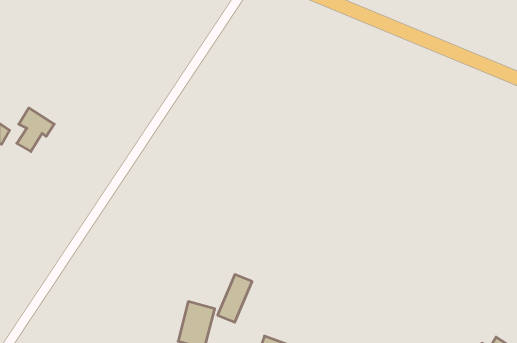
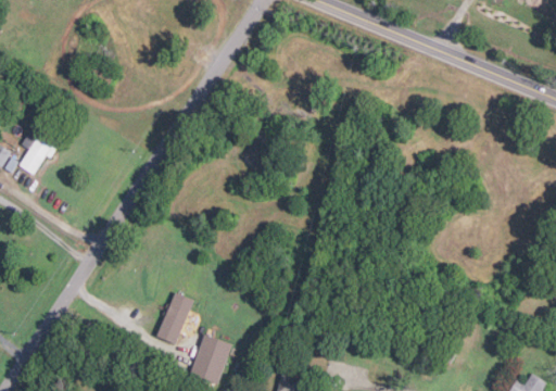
building: [218,275,252,322] -> [156,293,193,344]

